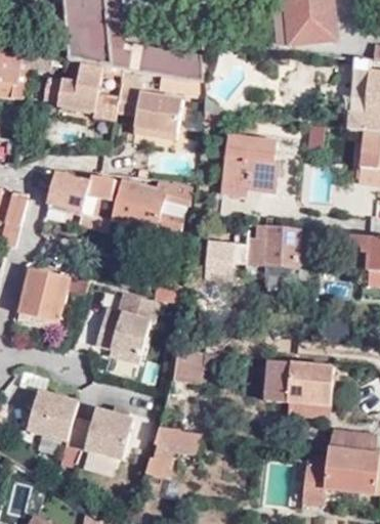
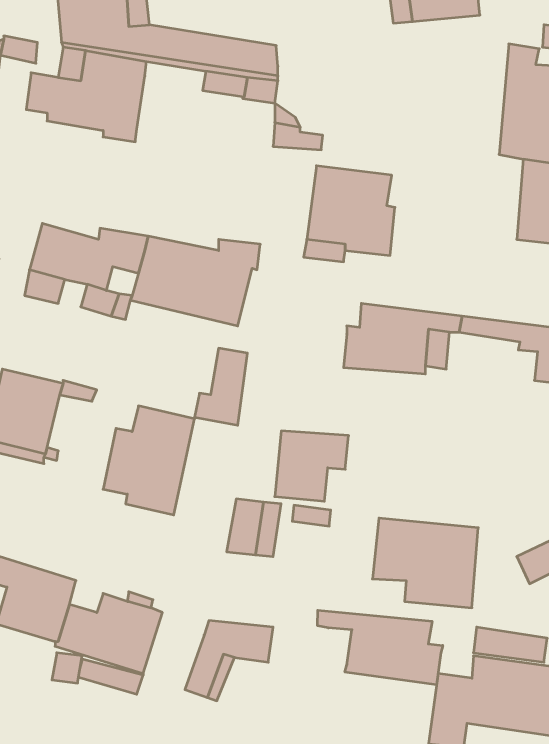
building: [115,78,181,138] -> none
building: [202,239,249,285] -> [275,431,349,501]
building: none -> [318,610,443,685]

